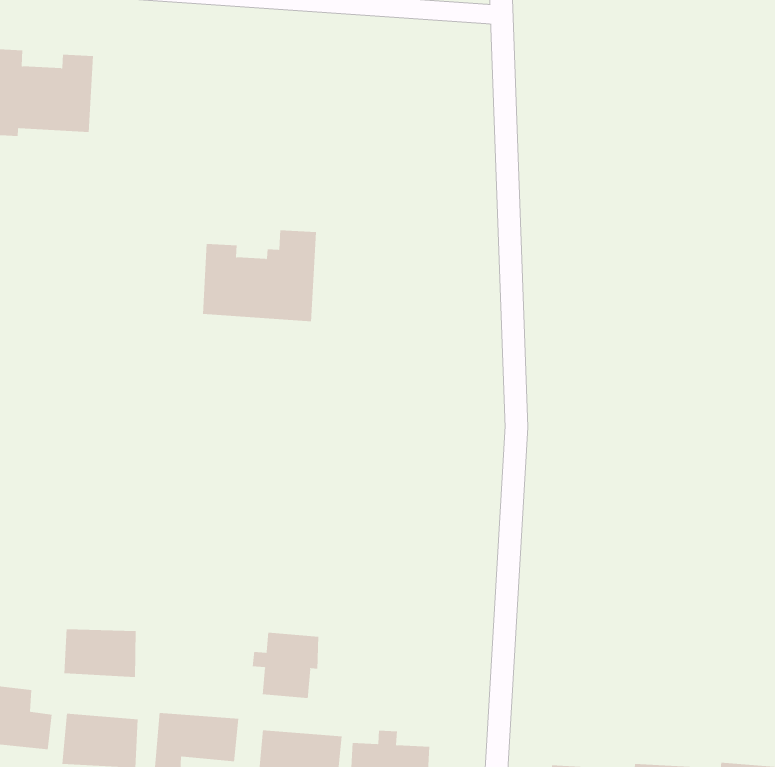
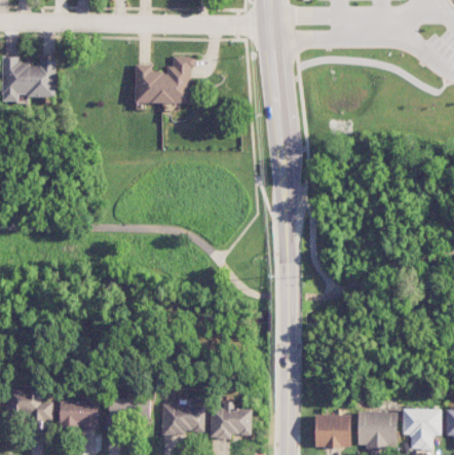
building: [202,230,317,322] -> [135,56,192,104]
building: [64,629,136,678] -> none
building: [252,632,319,699] -> none

